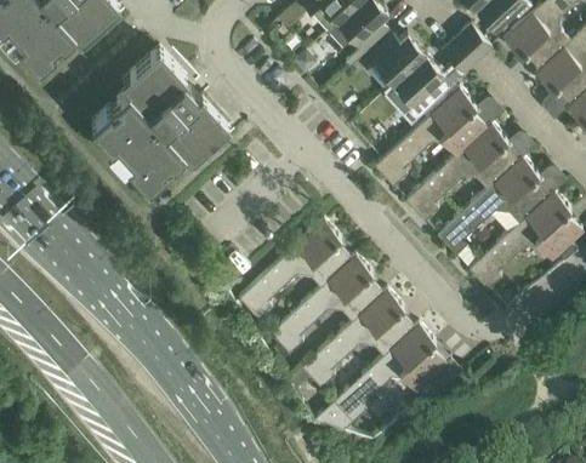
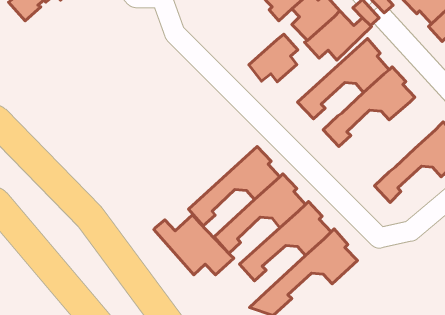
building: [92,50,231,188] -> none
building: none -> [249,34,298,82]
building: [438,159,551,257] -> none
building: none -> [154,215,234,275]

